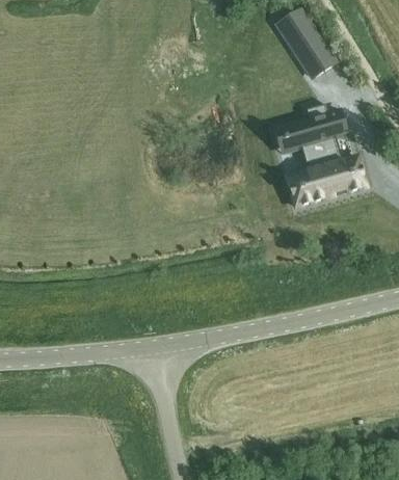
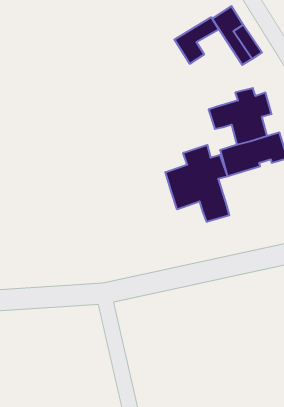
building: none -> [174,17,219,64]
building: none -> [165,145,229,222]

